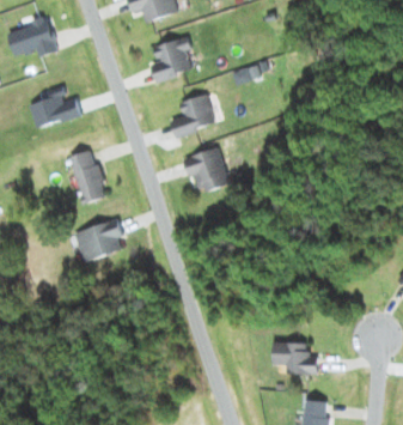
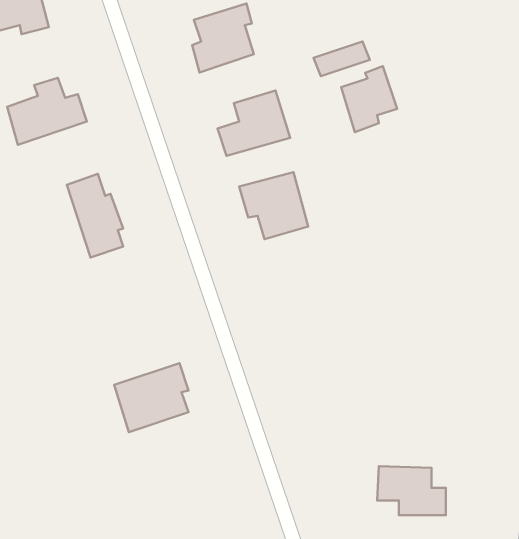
building: none -> [341,66,397,132]
building: [73,218,122,263] -> [114,363,189,432]

